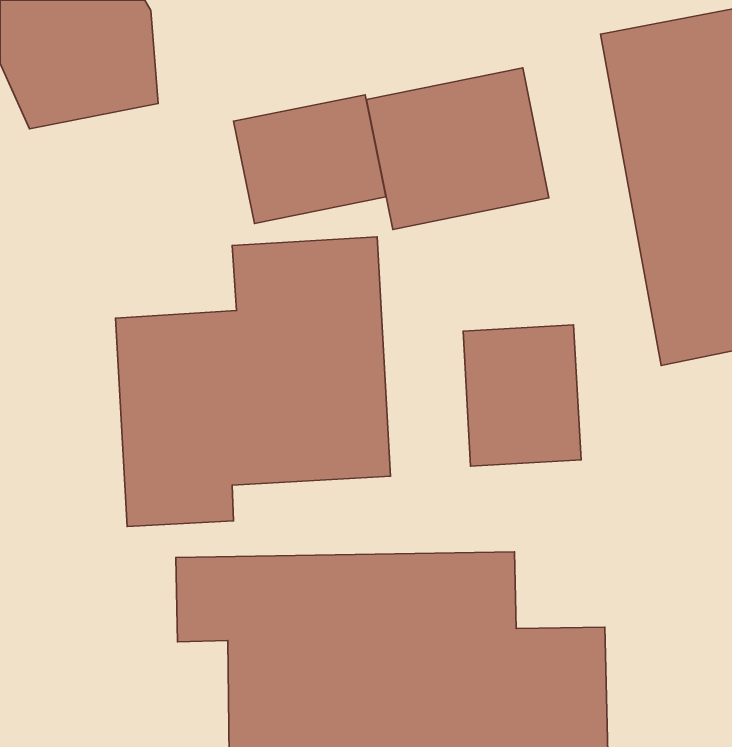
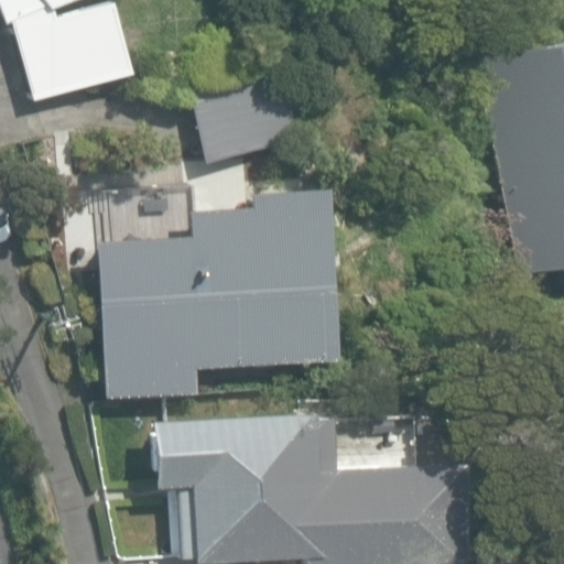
building: [367,68,549,229] -> none
building: [463,325,581,466] -> none

